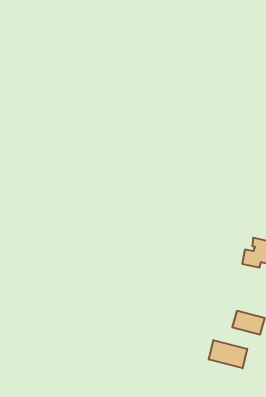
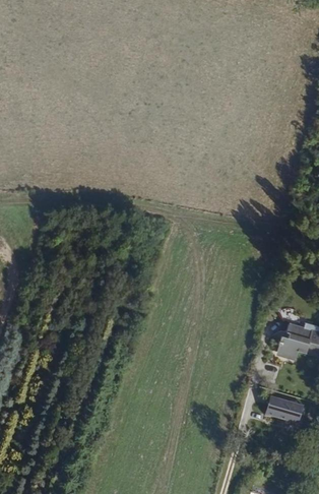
building: [209,340,247,368] -> none

